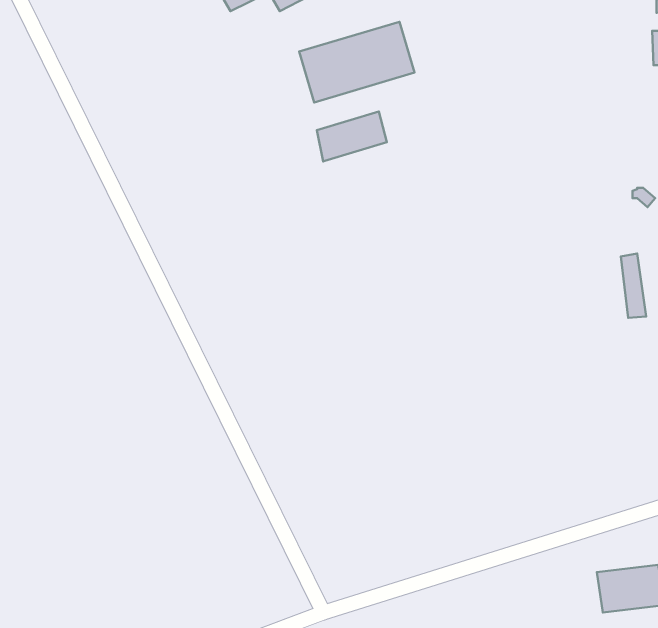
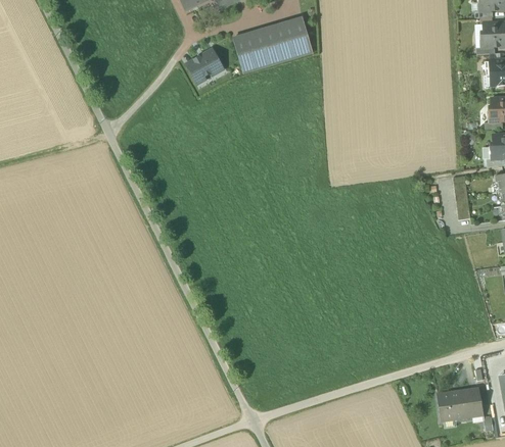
building: none -> [186,49,223,81]
building: [317,112,387,161] -> none

